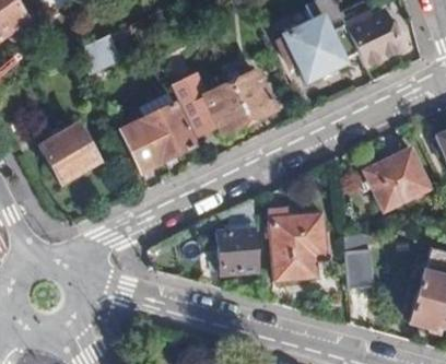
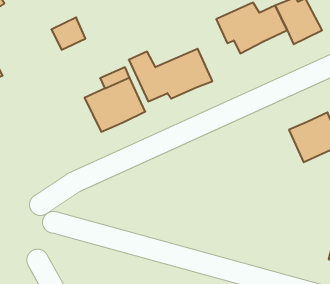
building: [40,126,102,186] -> none
building: [268,212,329,280] -> none
building: [216,227,256,271] -> none
building: [345,232,374,286] -> none

